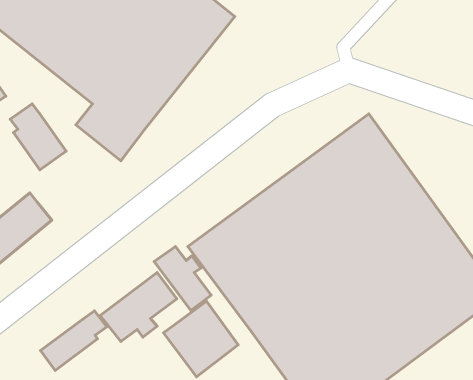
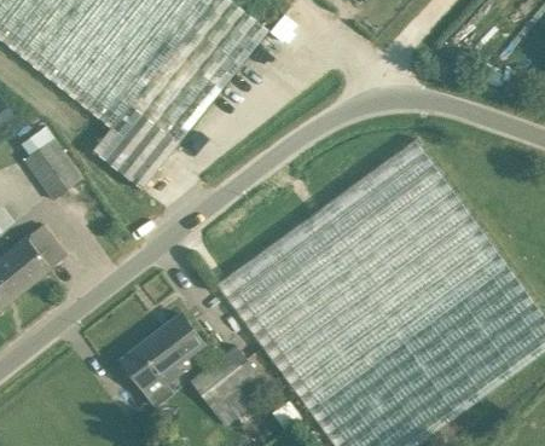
building: [154,246,211,310] -> none
building: [40,311,107,370] -> none

